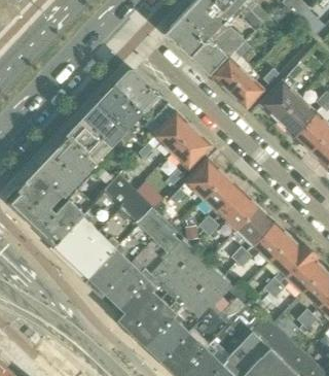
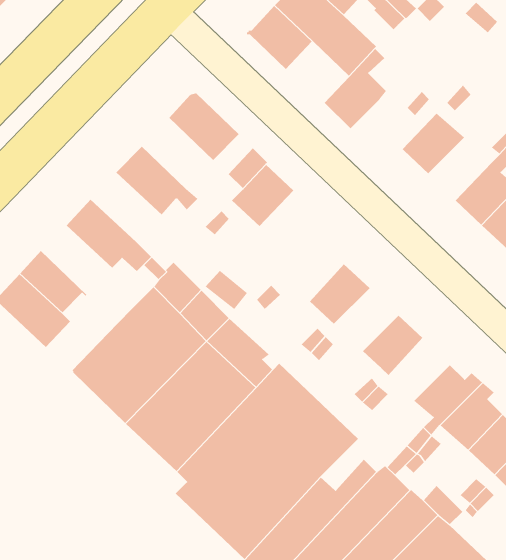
building: [188,38,227,77] -> none
building: [228,75,262,108] -> none
building: [99,86,143,130] -> none
building: [277,98,316,137] -> none
building: [67,119,111,163] -> none
building: [167,131,210,186] -> none
building: [36,152,80,196] -> none
building: [186,161,224,200] -> none
building: [218,192,258,231] -> none
building: [39,199,83,243] -> none
building: [252,223,290,262] -> none

